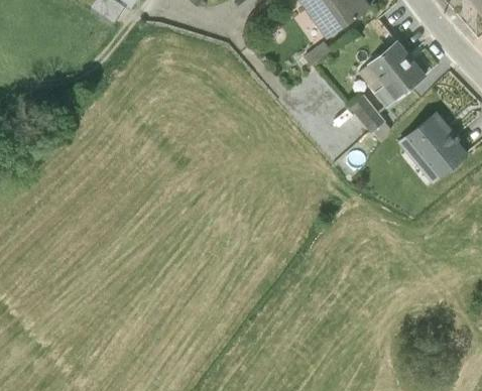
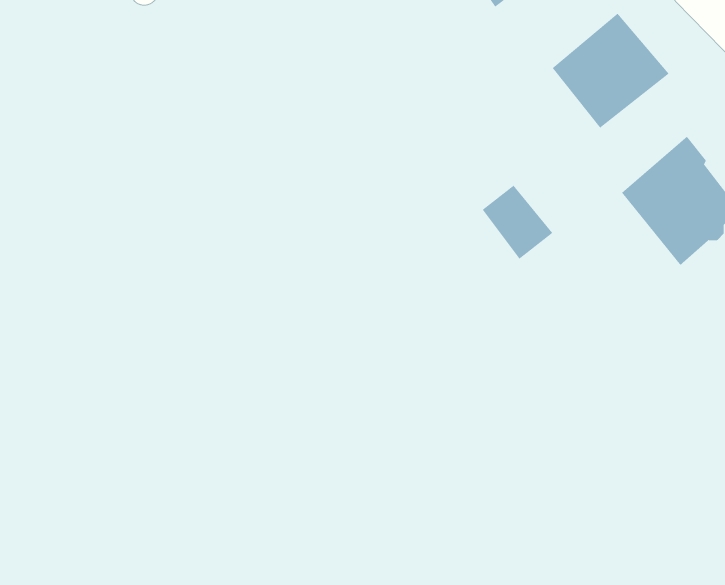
building: [343,92,383,134] -> [482,185,553,260]

